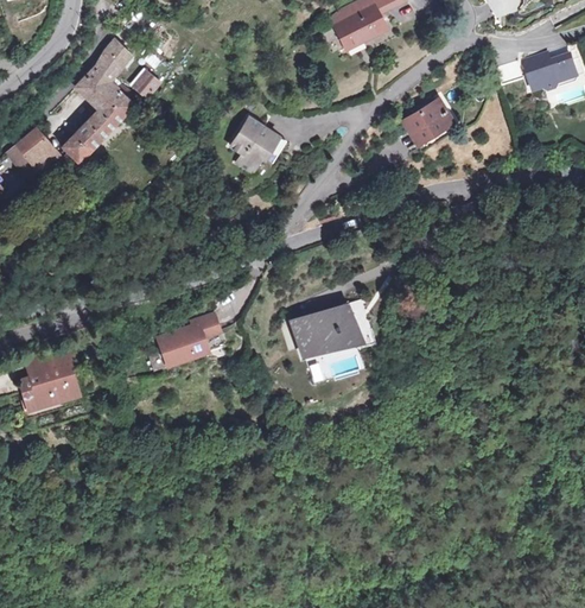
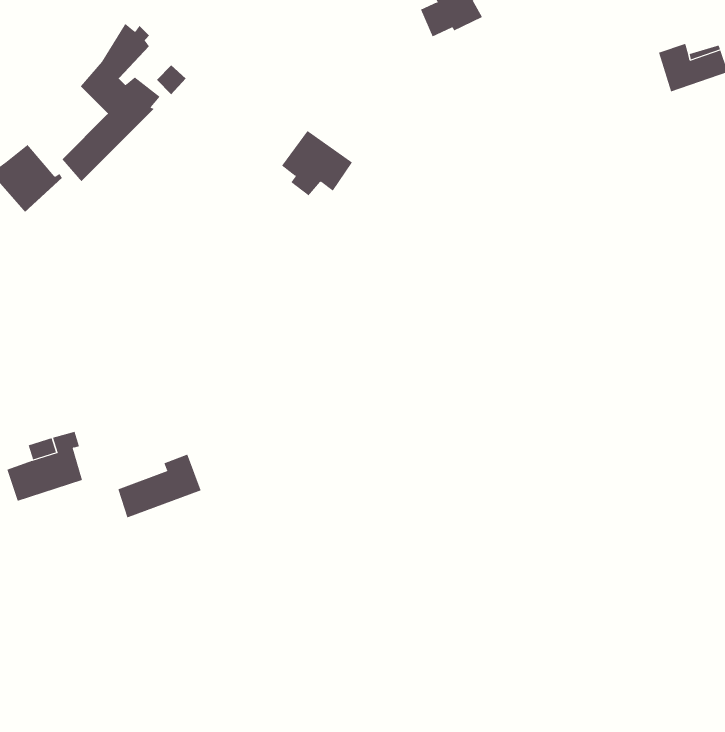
building: [403,102,445,144] -> none
building: [297,297,379,354] -> none
building: [157,311,222,361] -> [118,454,202,518]

